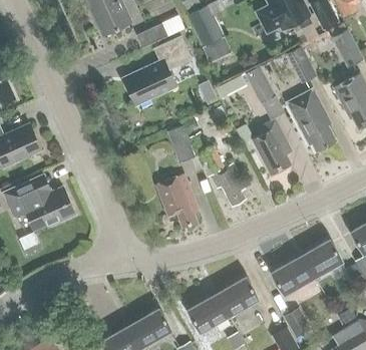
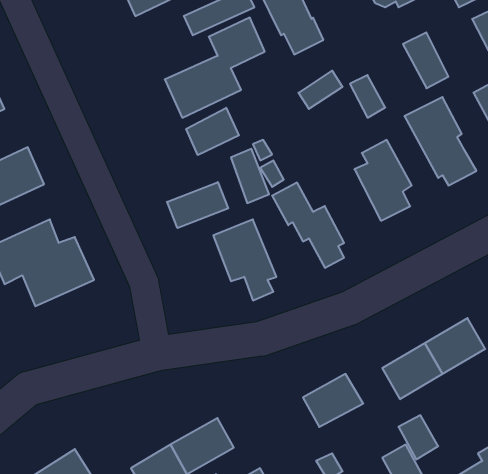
building: none -> [186,108,239,155]
building: none -> [167,182,228,228]
building: [189,295,229,332] -> none

